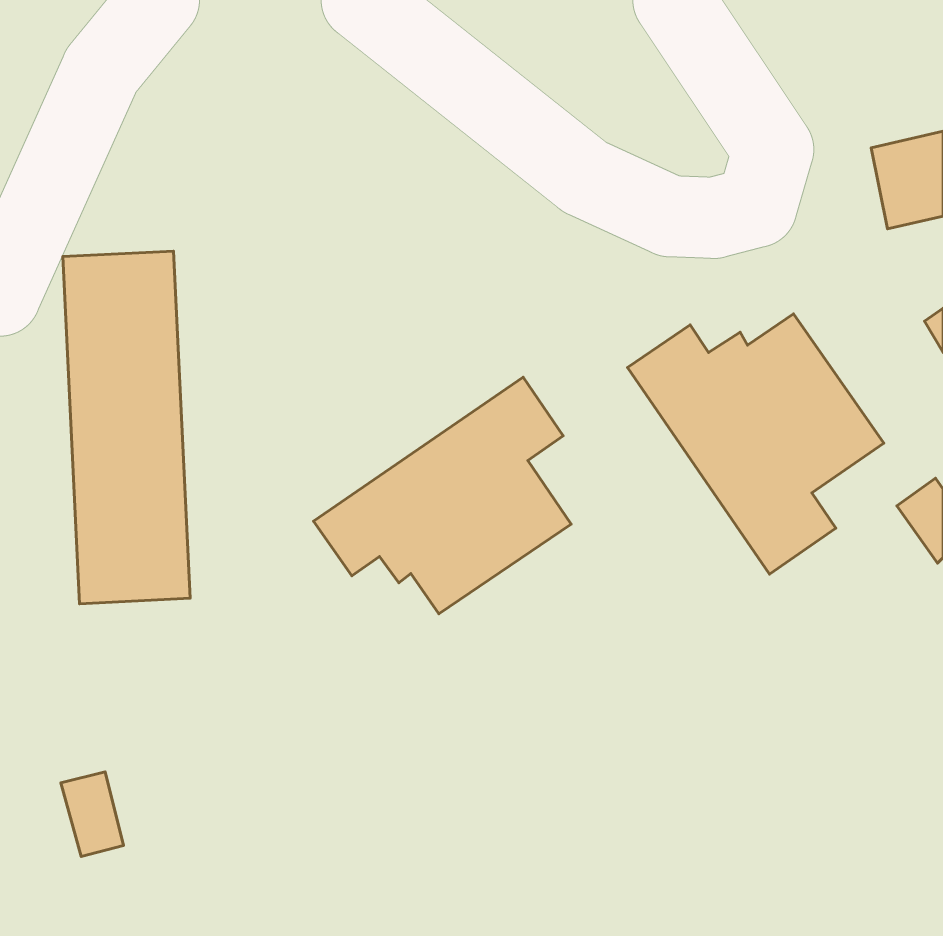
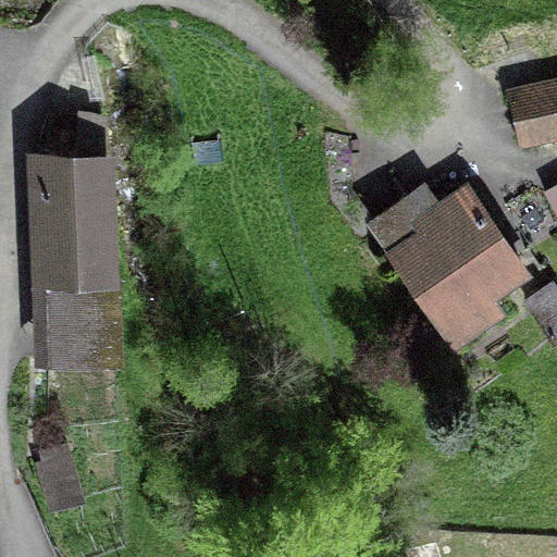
building: [314,377,571,614] -> none

